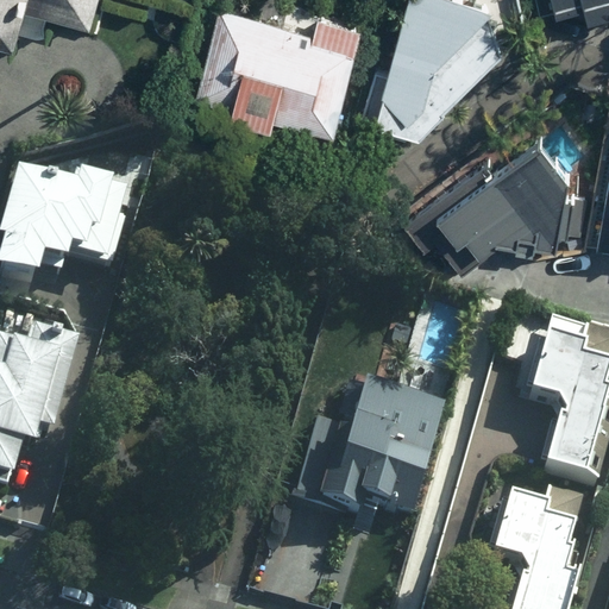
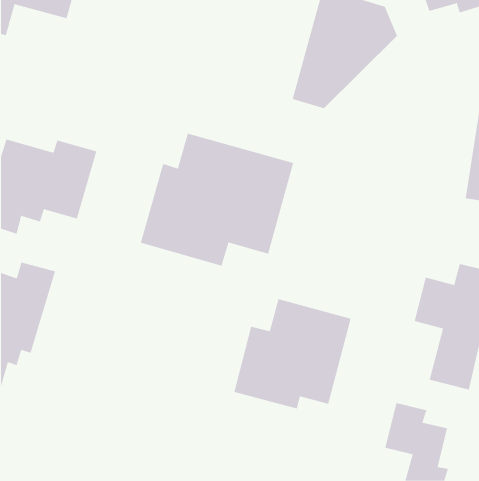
building: [194,10,357,131] -> none
building: [409,132,579,278] -> none
building: none -> [140,133,294,267]

